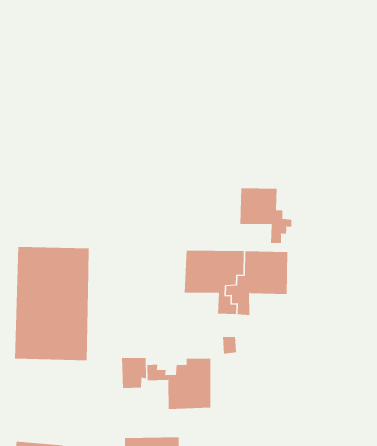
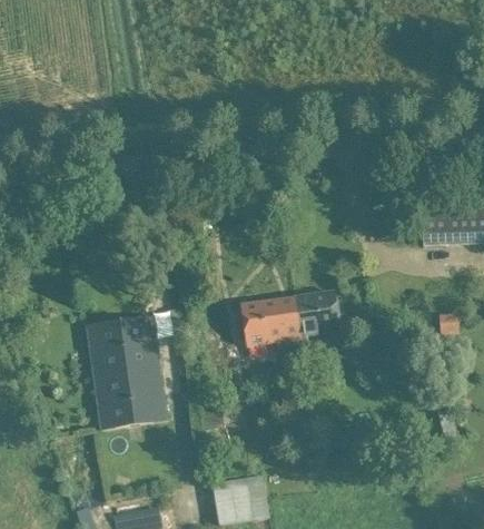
building: [240,188,292,244] -> none
building: [147,358,211,410] -> none

